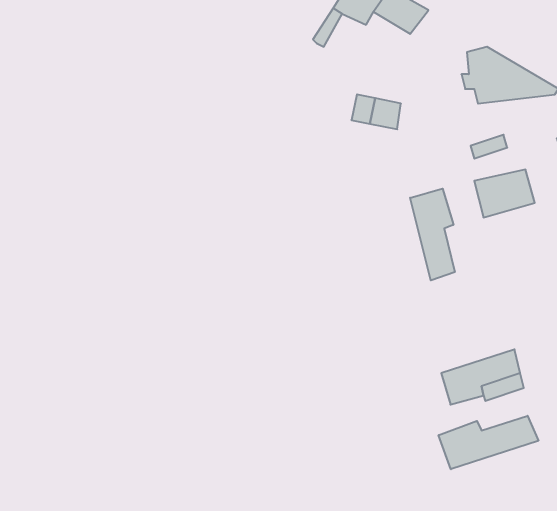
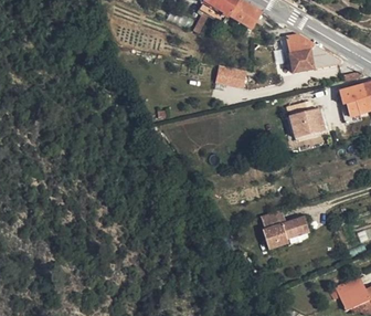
building: [410,189,455,280] -> none
building: [439,416,538,469] -> none

